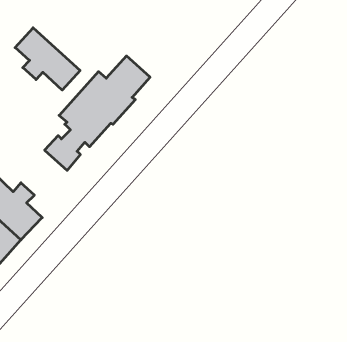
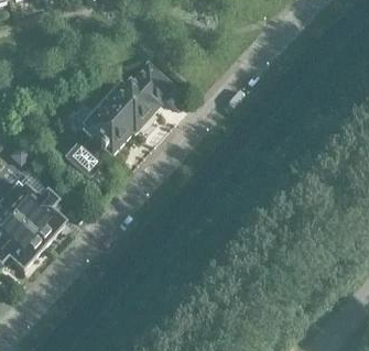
building: [15,28,80,90] -> none

